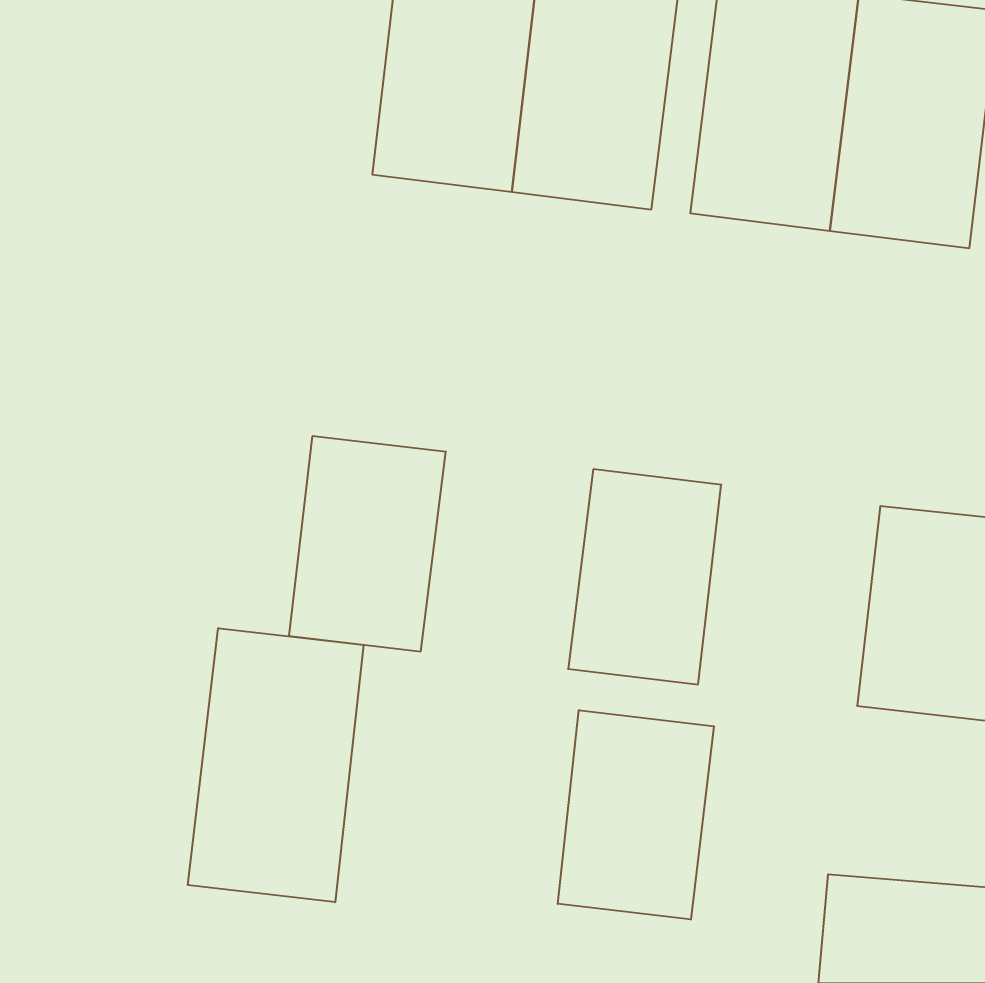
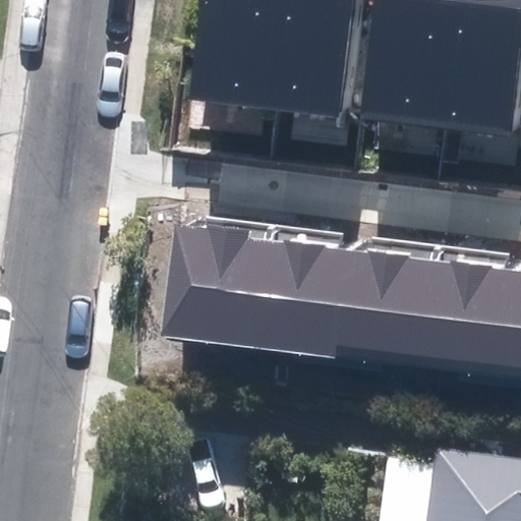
building: none -> [224,237,314,351]
building: none -> [369,254,465,370]
building: [188,628,364,902] -> none
building: [558,710,714,920] -> none

